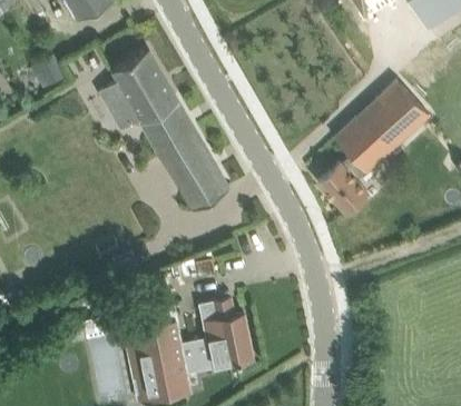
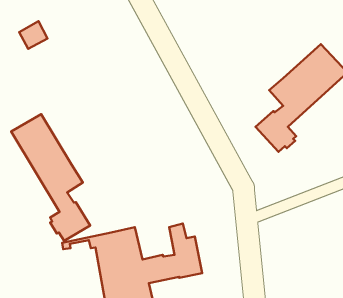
building: [99,52,228,211] -> none
building: none -> [11,114,90,241]

